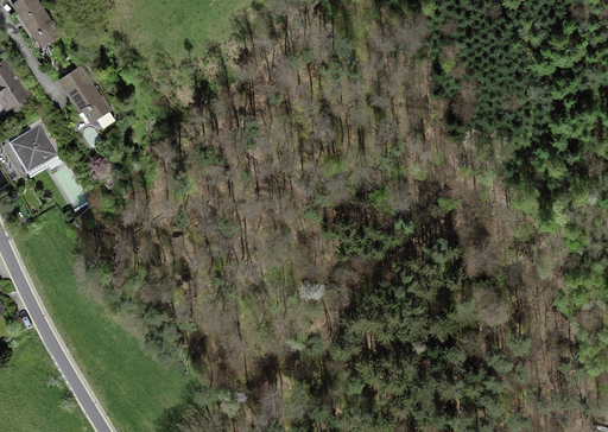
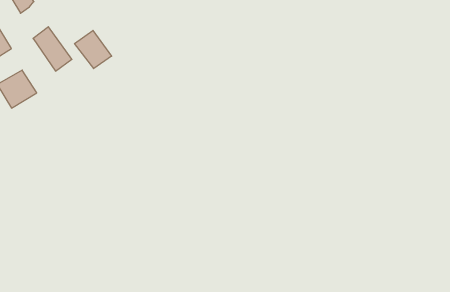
building: none -> [75,30,112,69]

